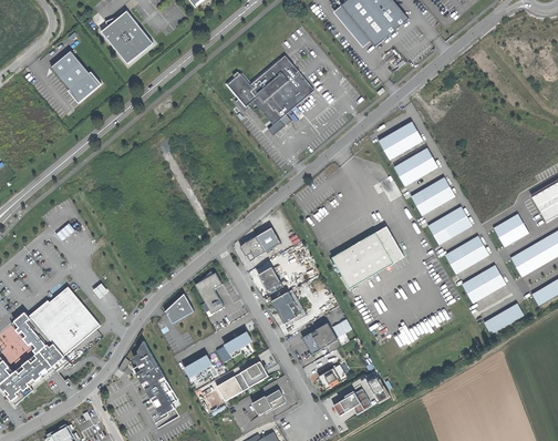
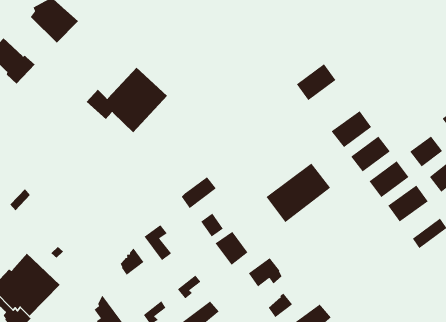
building: [226,54,314,125] -> [86,67,168,133]
building: [394,147,438,186] -> none

